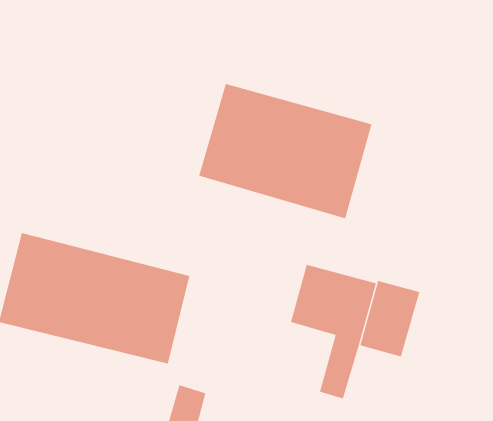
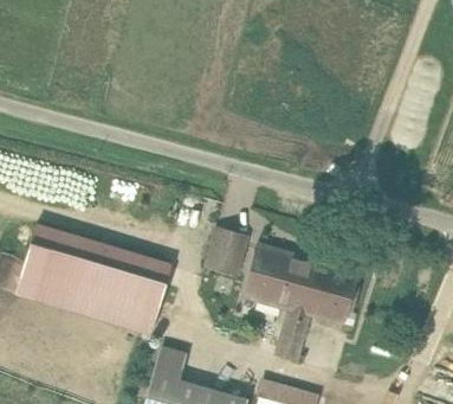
building: [198,83,372,219] -> none
building: none -> [206,229,246,274]

